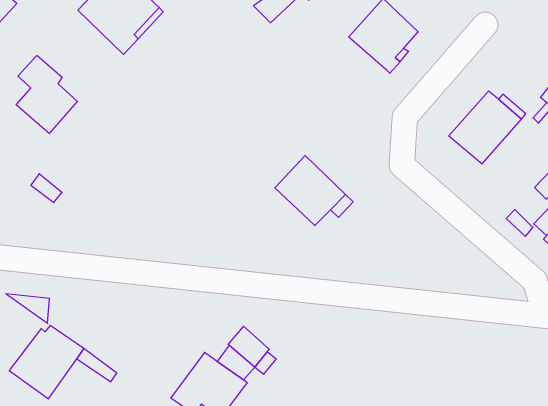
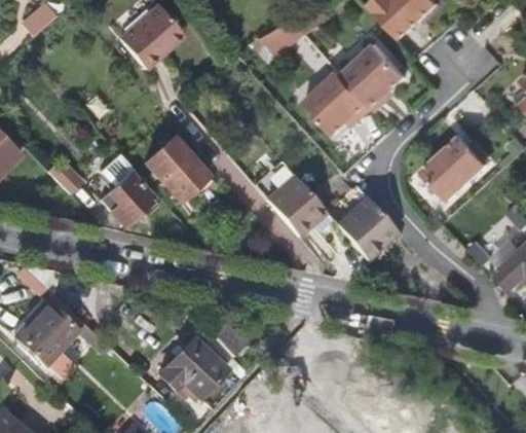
building: none -> [306,69,375,134]
building: [16,56,78,134] -> [98,154,152,224]
building: none -> [144,136,209,201]
building: none -> [338,197,400,259]

